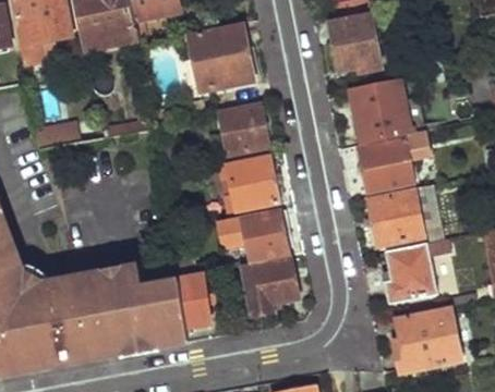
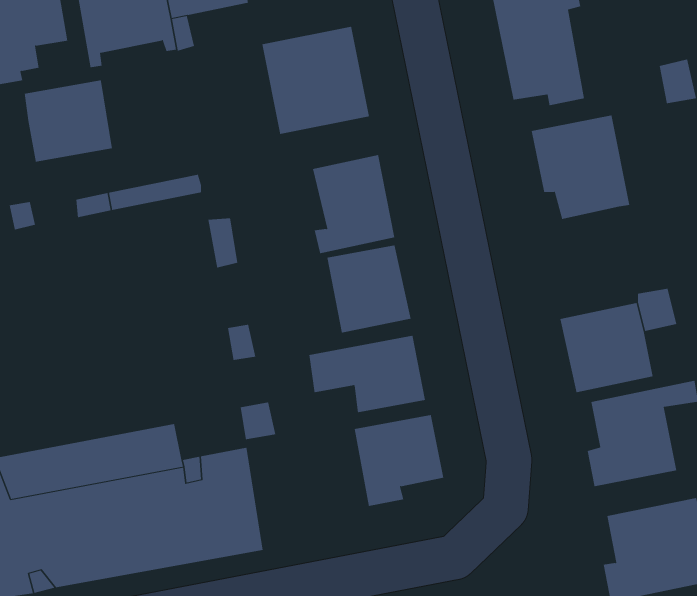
building: none -> [24,80,113,162]
building: [361,128,432,191] -> none
building: [180,274,214,341] -> none

